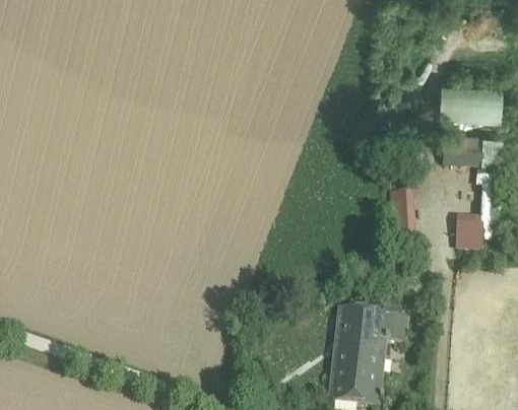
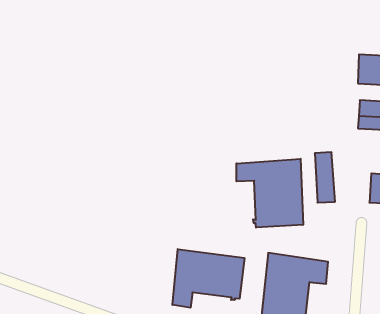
building: none -> [236,159,303,228]
building: none -> [172,249,244,308]

